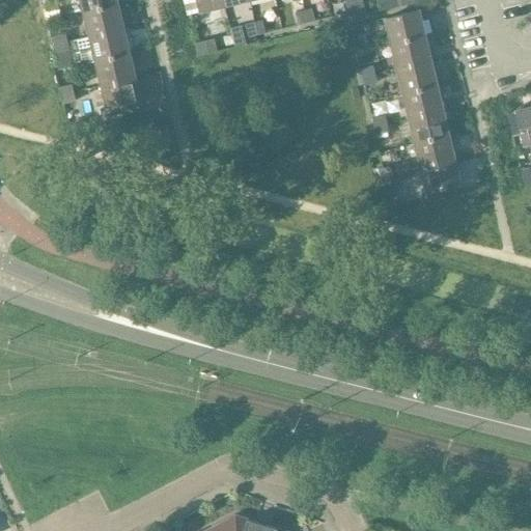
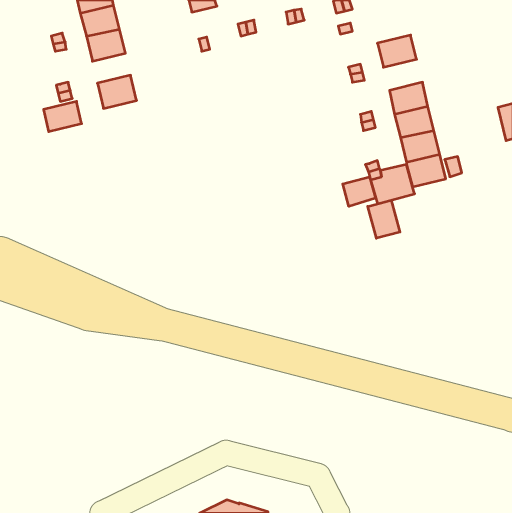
building: [385,10,425,45] -> none
building: [96,55,136,86] -> [44,101,82,132]
building: [397,61,438,93] -> none
building: none -> [343,177,375,206]
building: none -> [368,200,400,238]

